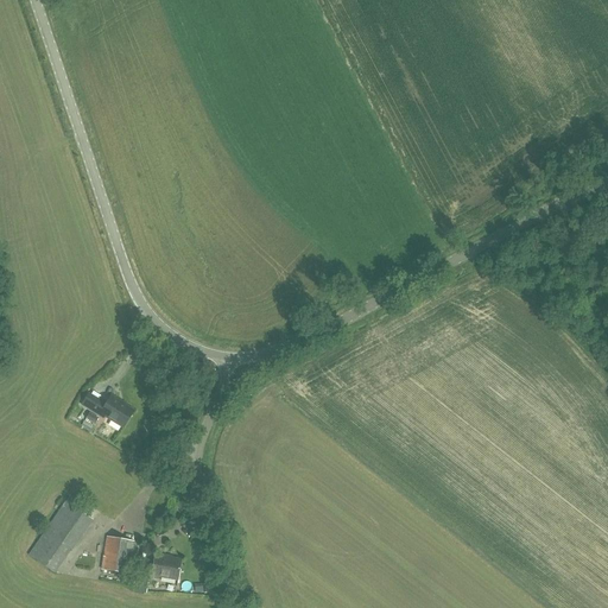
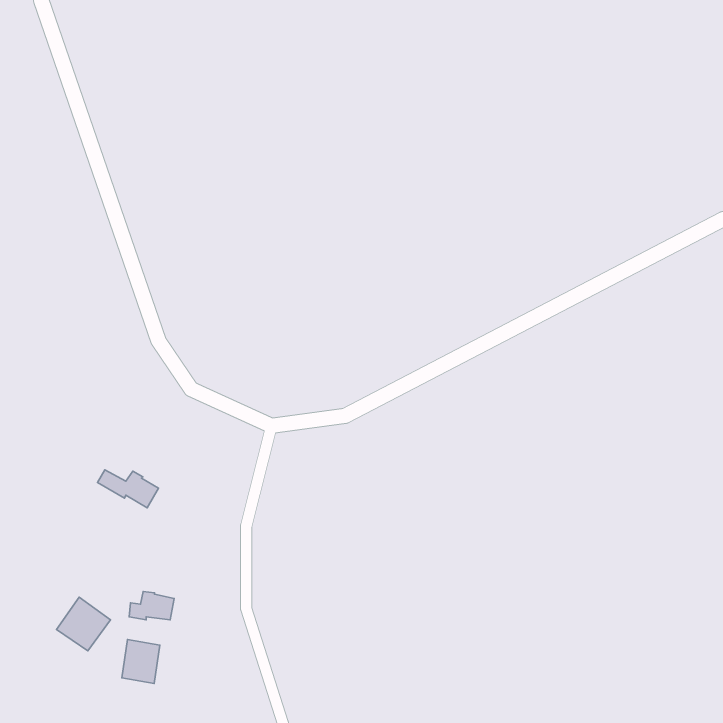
building: [28,528,74,572] -> none
building: [144,555,182,578] -> [129,591,174,620]

